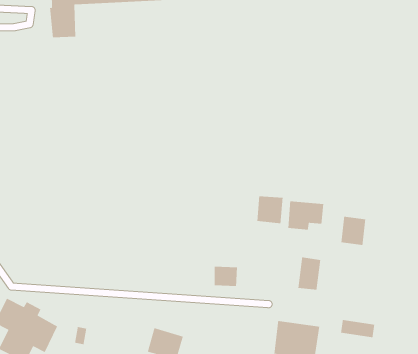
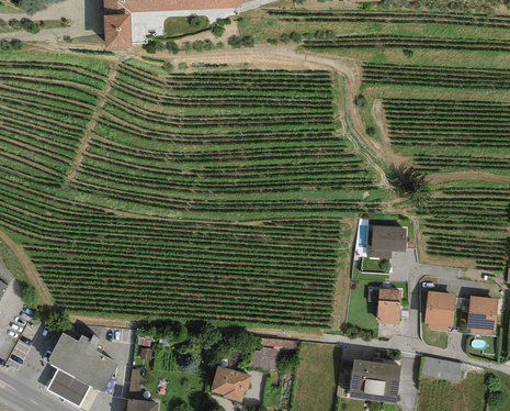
building: [256,196,284,224] -> none
building: [340,216,366,246] -> [427,292,455,325]
building: none -> [467,297,498,331]
building: [214,266,238,287] -> [252,343,279,366]

